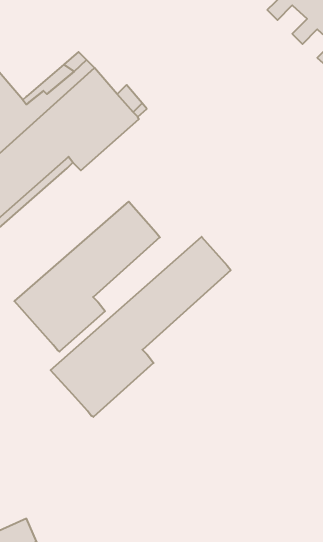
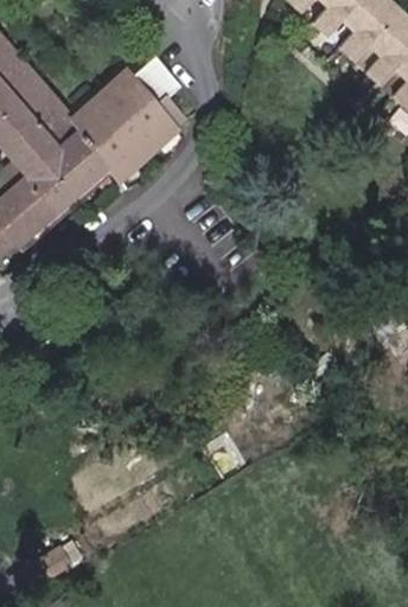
building: [14,202,160,352] -> none
building: [51,237,231,417] -> none

